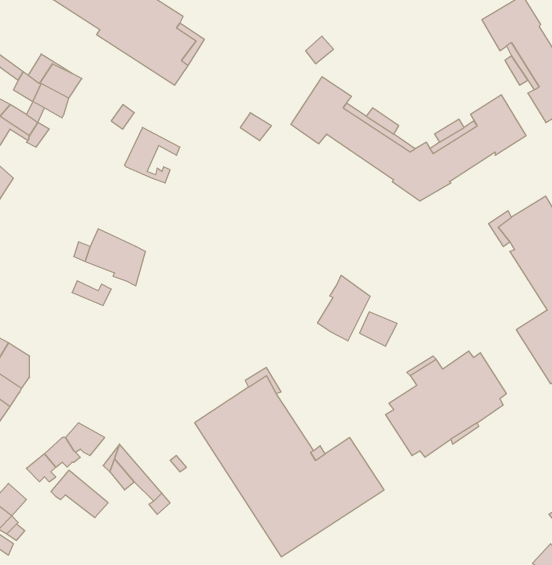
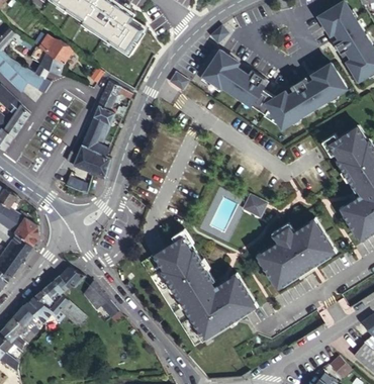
building: none -> [81,107,114,157]
building: [318,275,370,341] -> none
building: none -> [25,294,55,321]

